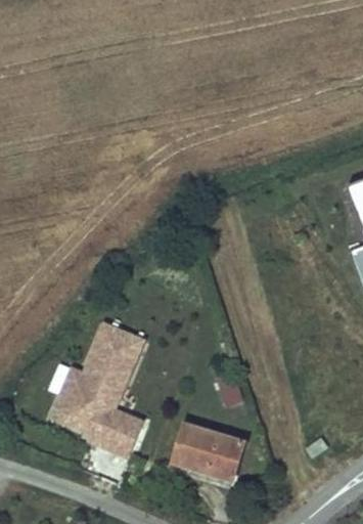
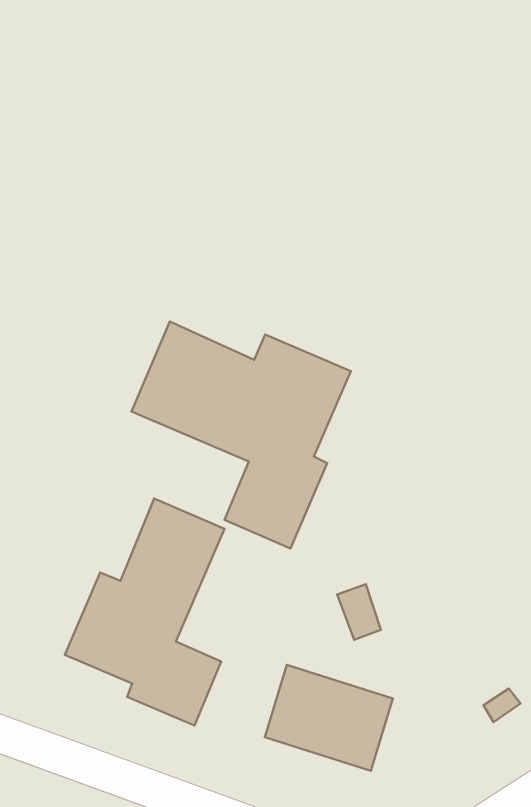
building: none -> [131,322,351,549]

